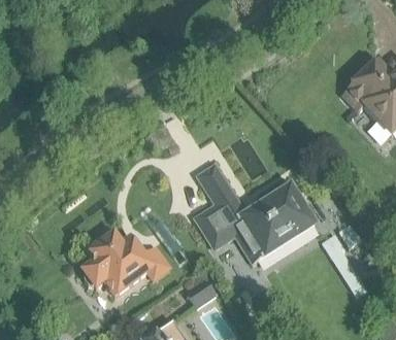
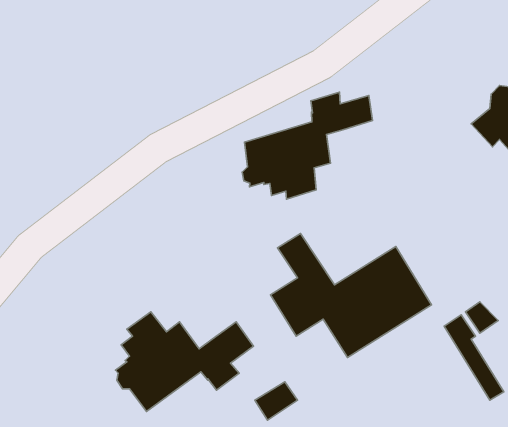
building: none -> [242,92,373,199]

